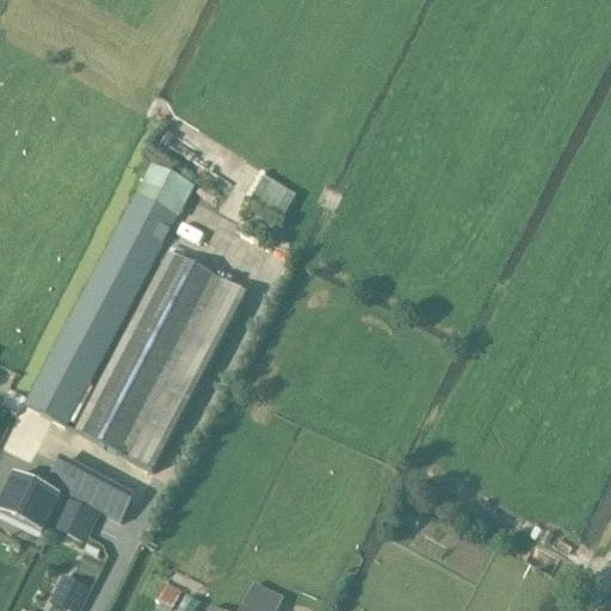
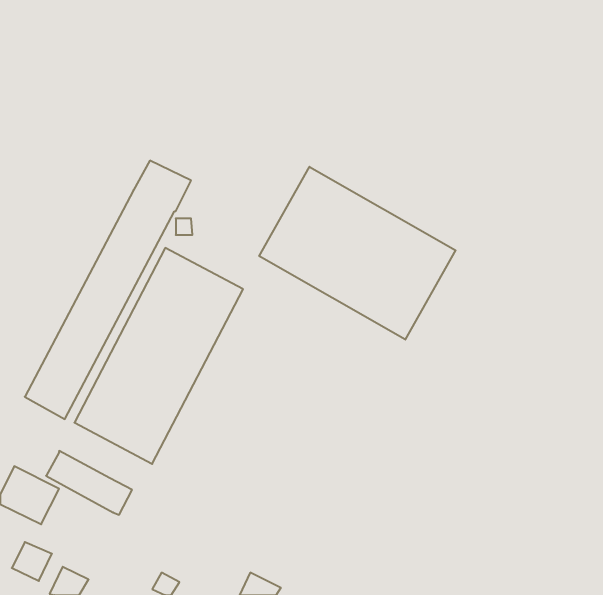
building: none -> [259,167,456,340]
building: [249,175,296,218] -> none
building: [55,498,95,537] -> [12,542,52,581]

